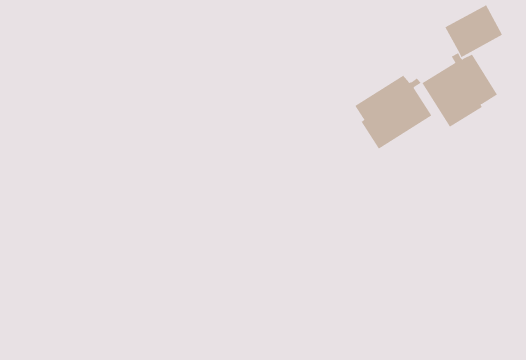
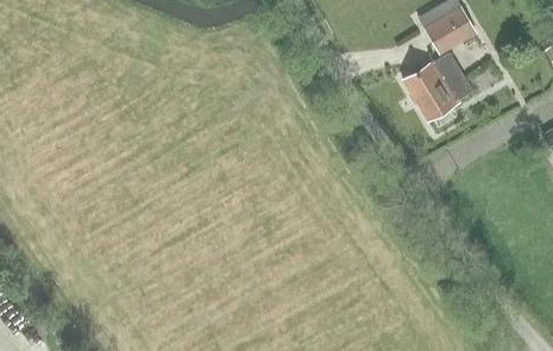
building: [355,75,432,149] -> none

